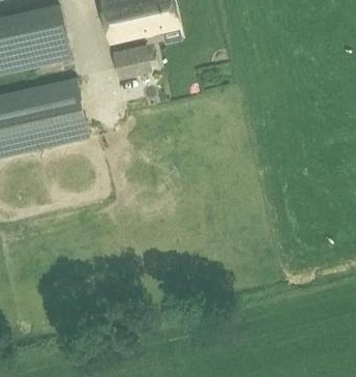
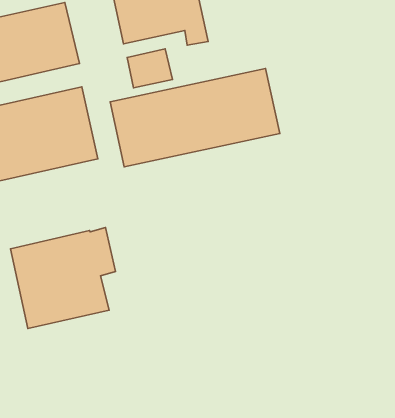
building: none -> [110,68,280,167]
building: none -> [10,227,116,328]

